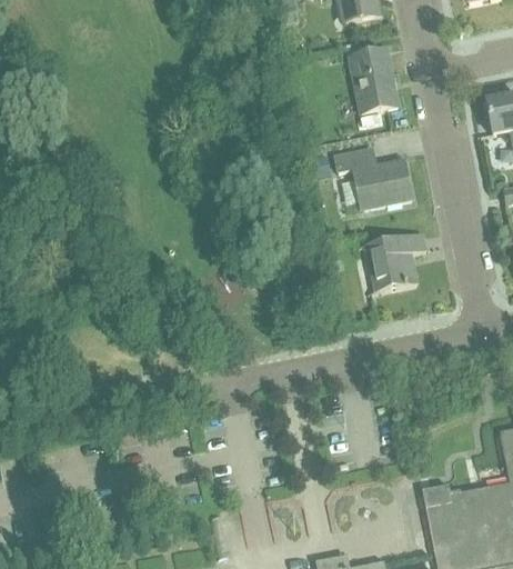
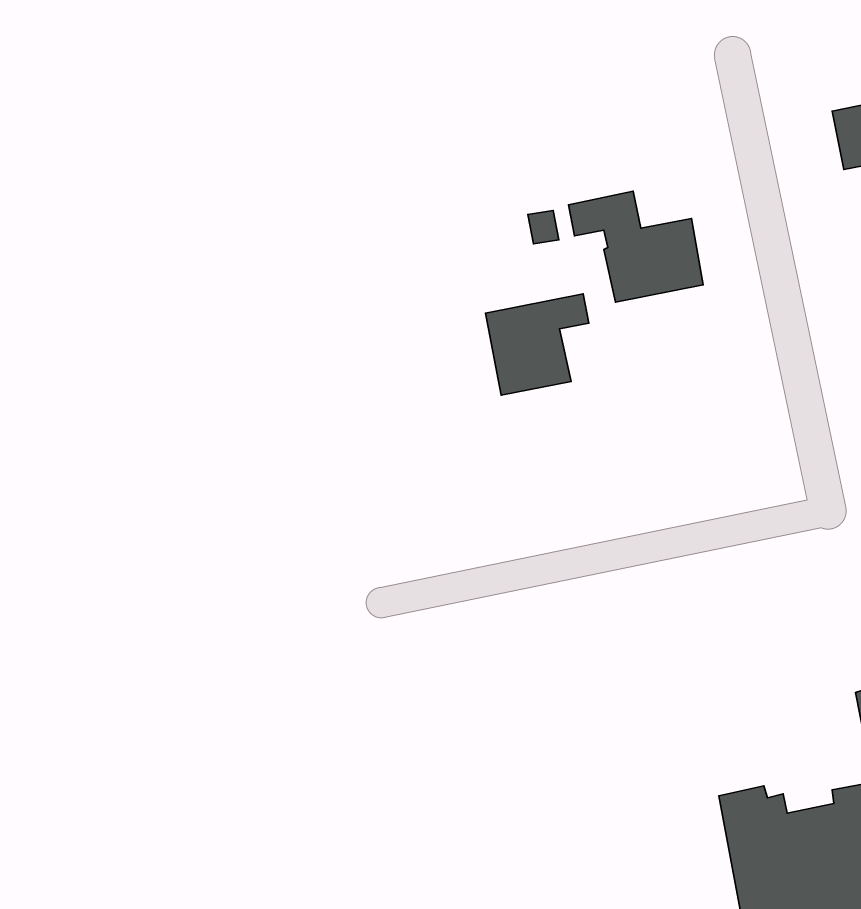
building: [349,48,398,111] -> none
building: [368,232,426,290] -> [485,294,589,395]

